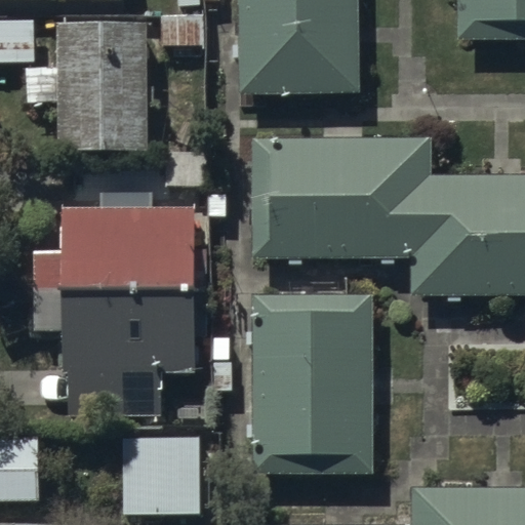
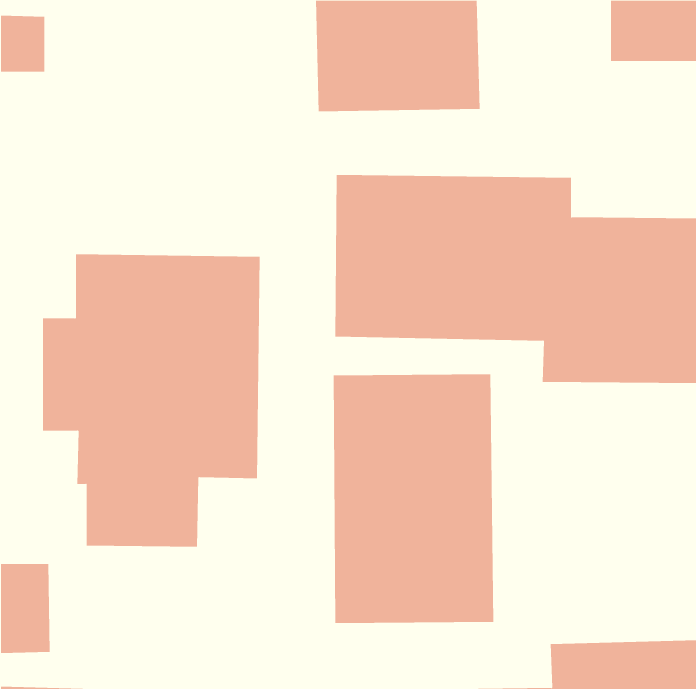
building: [26,14,148,149] -> none
building: [119,437,201,514] -> none

